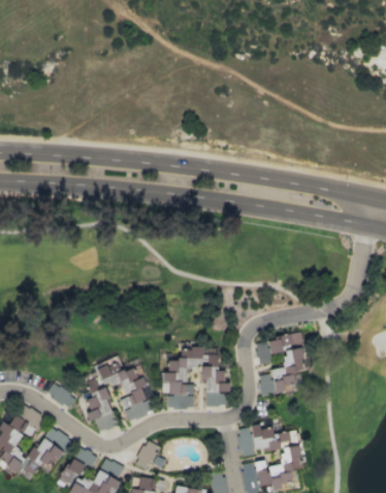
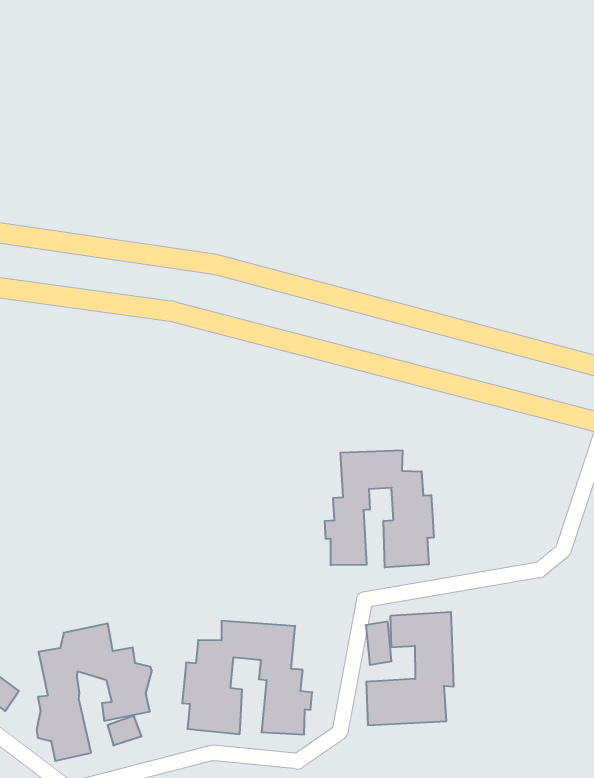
building: none -> [325,450,434,568]

